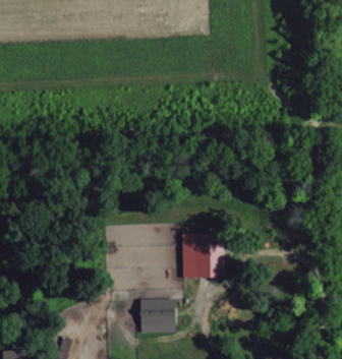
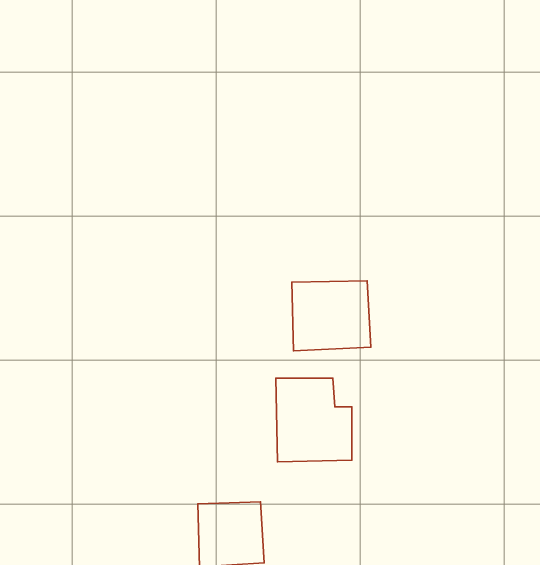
building: none -> [292,281,371,351]

